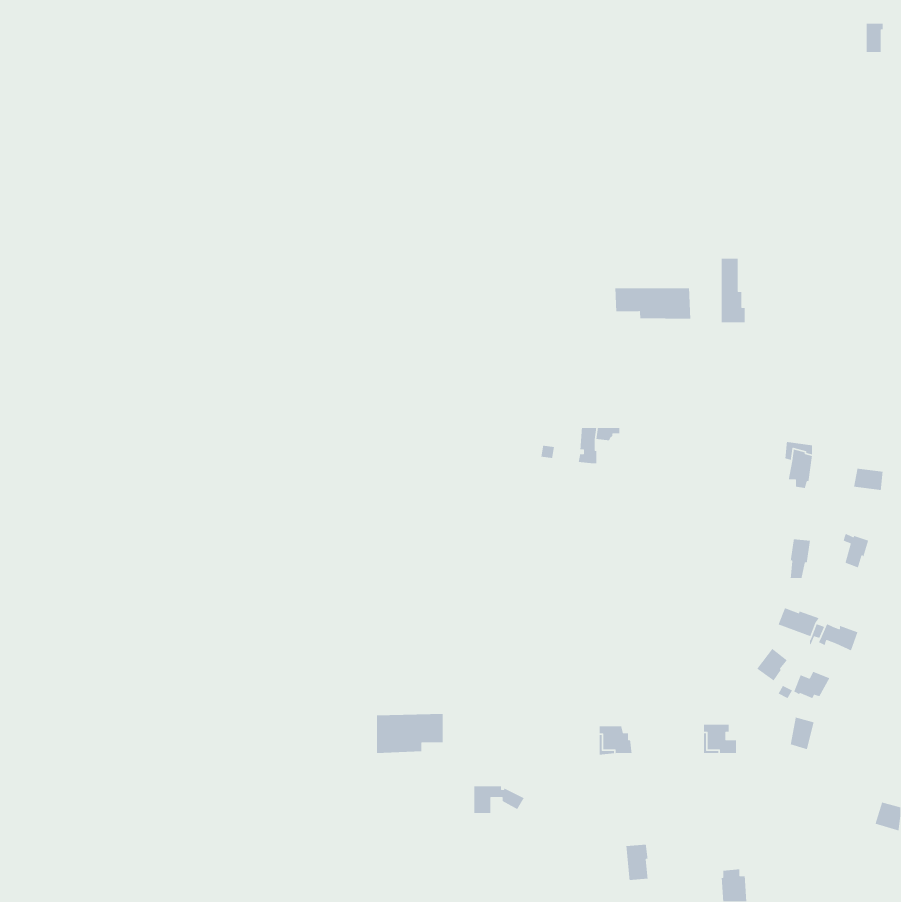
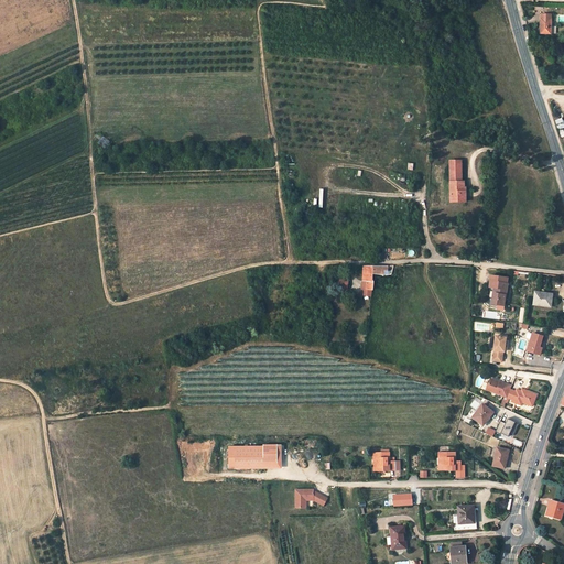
building: [614,287,691,319] -> none
building: none -> [453,506,474,530]

